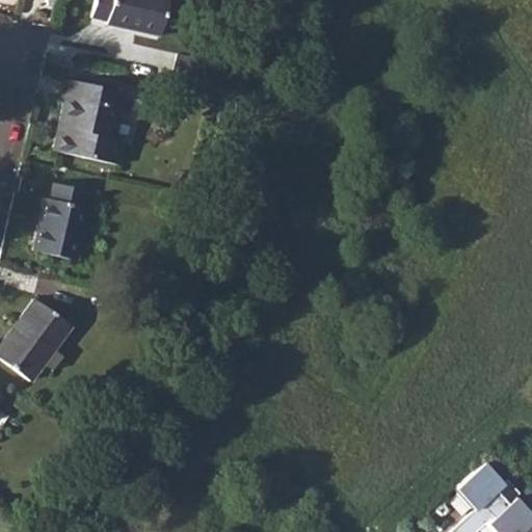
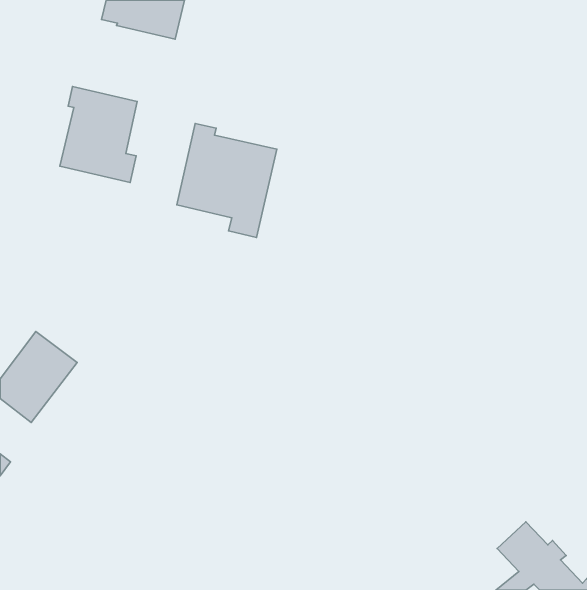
building: none -> [177,123,277,238]
building: [33,183,88,259] -> none

